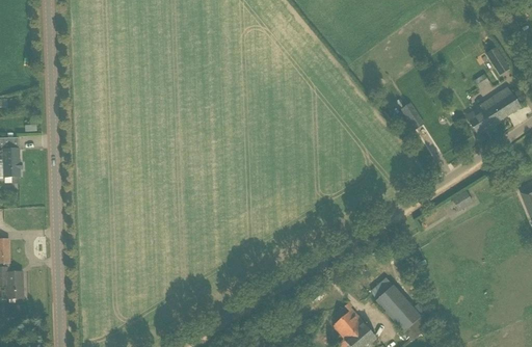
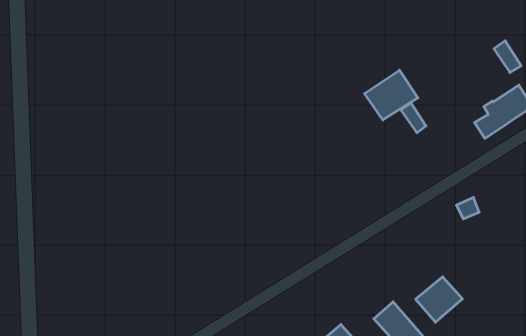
building: none -> [365,70,418,120]
building: none -> [416,277,462,322]

